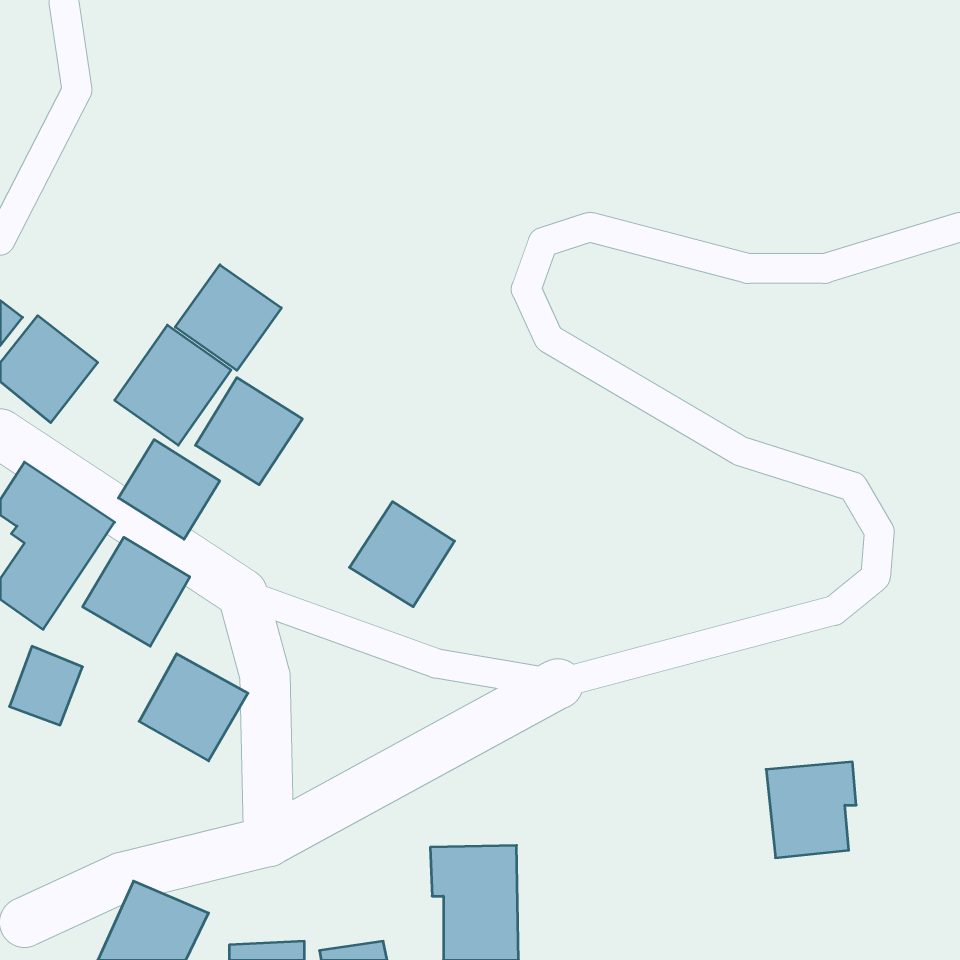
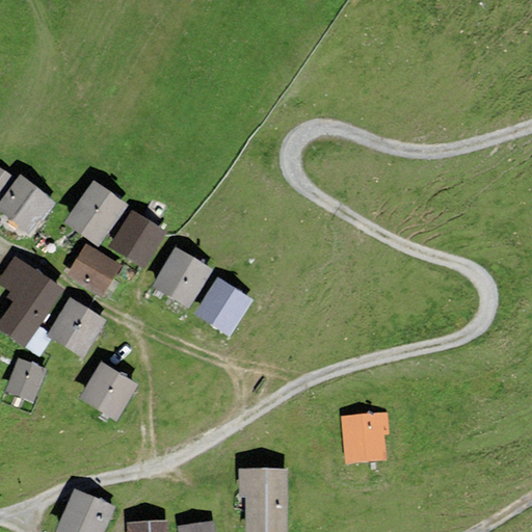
building: [175,265,281,370] -> none
building: none -> [151,246,212,309]
building: [766,762,856,858] -> [340,410,390,463]

